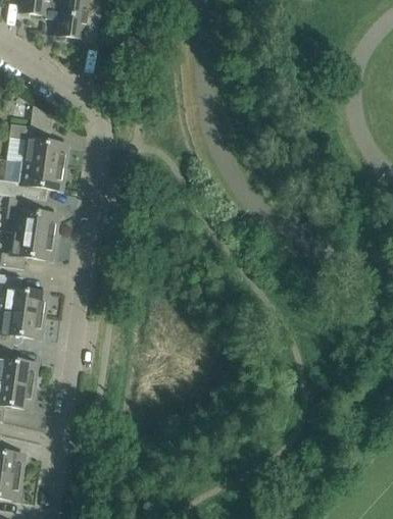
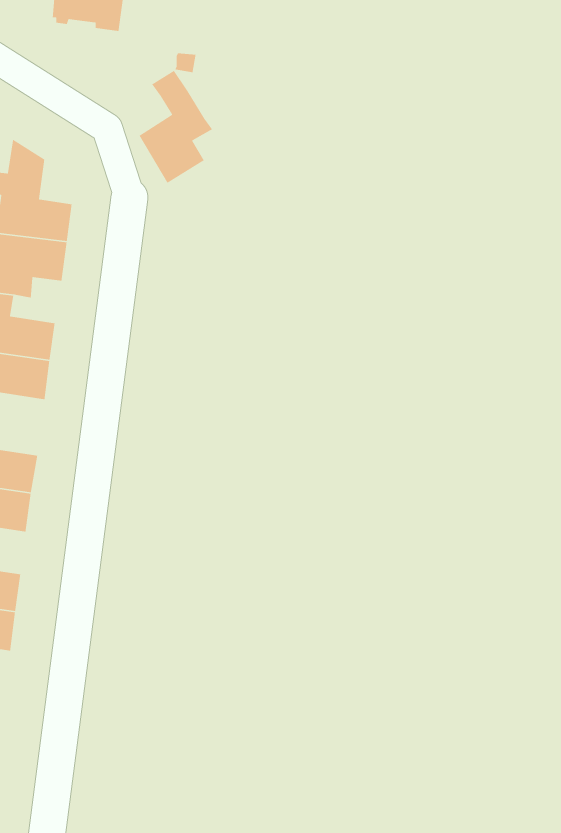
building: none -> [138,70,213,184]

